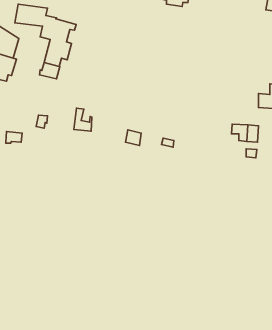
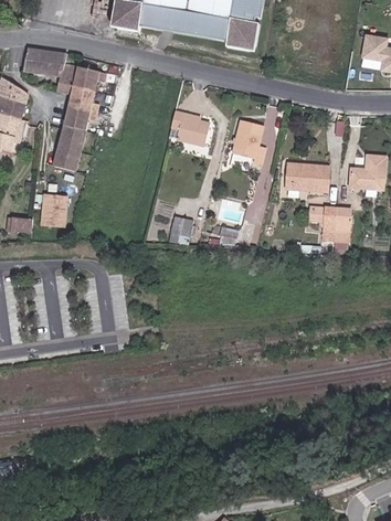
building: none -> [171,110,210,147]
building: none -> [232,120,266,166]
building: none -> [52,142,80,171]
building: none -> [286,164,330,192]
building: [74,108,92,131] -> [42,195,66,226]

